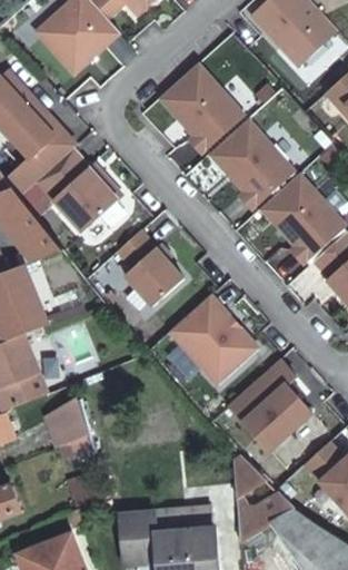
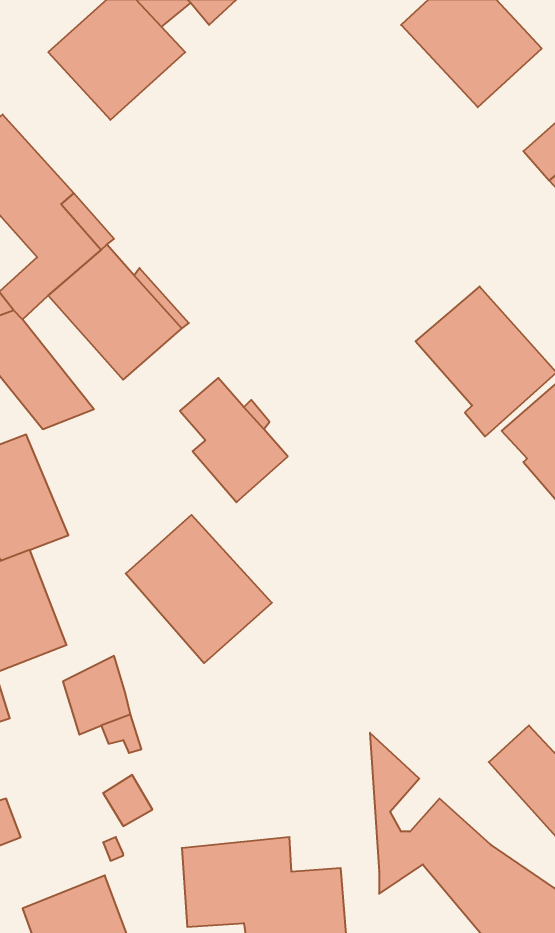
building: [158,63,243,155] -> none
building: [209,119,294,209] -> none
building: [169,295,258,385] -> [126,515,272,663]
building: [228,360,311,451] -> none

